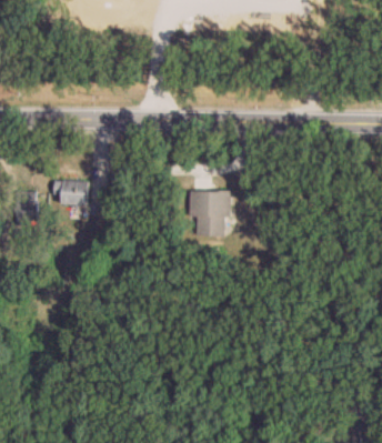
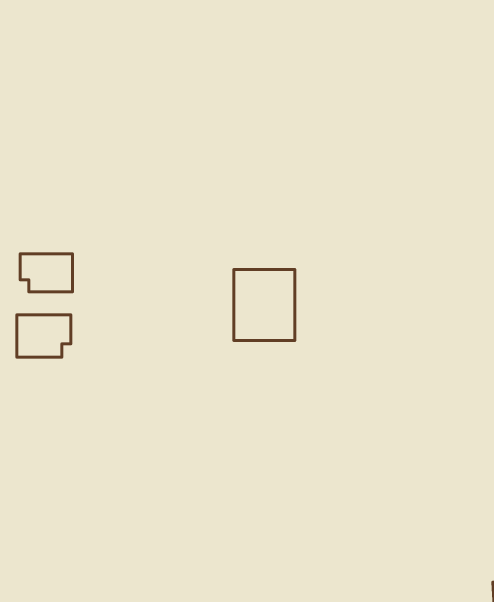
building: none -> [17,315,71,357]

